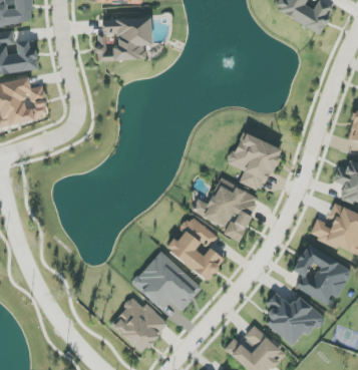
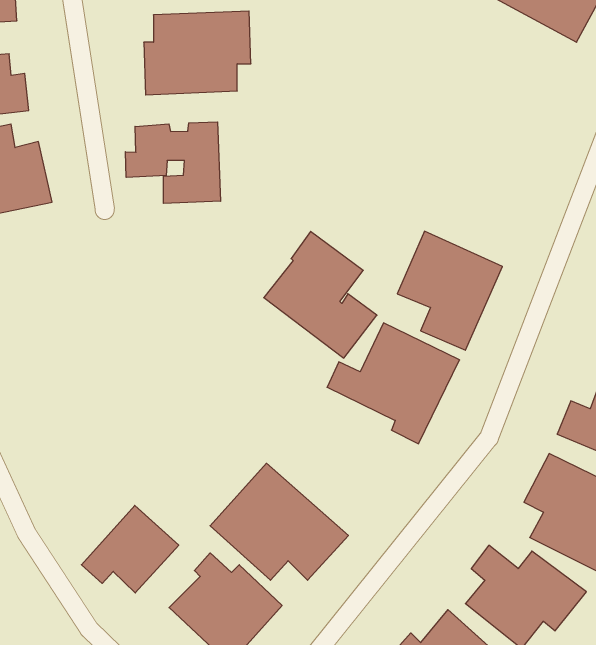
building: none -> [125,122,221,203]
building: [166,216,225,281] -> [264,231,377,358]
building: none -> [81,505,179,593]

